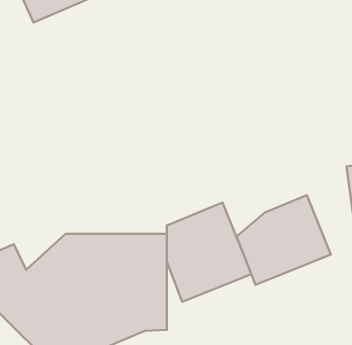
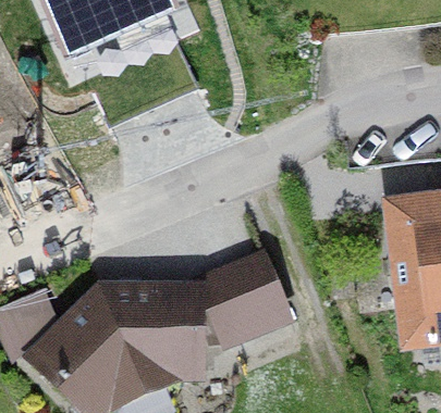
building: [237,195,331,285] -> none

